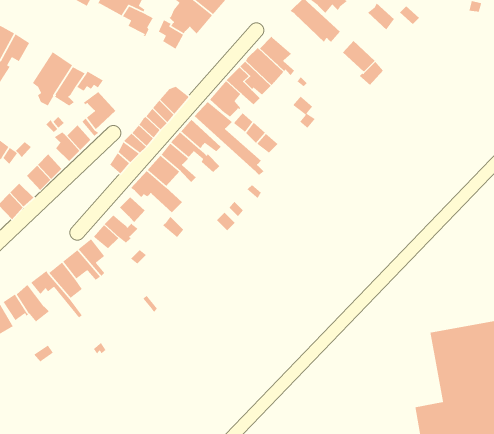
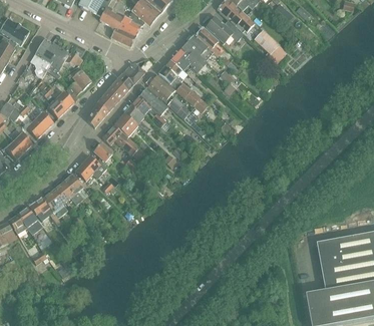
building: none -> [207,11,243,43]
building: none -> [110,14,134,47]

